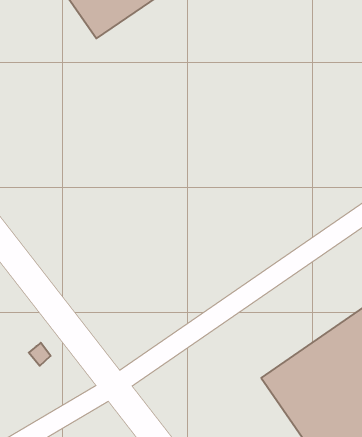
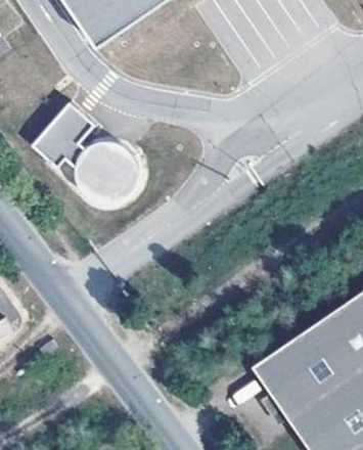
building: none -> [33,101,137,205]

